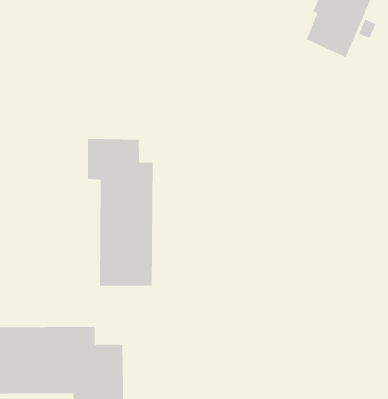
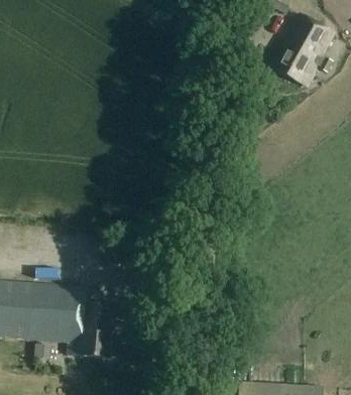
building: [88,138,153,286] -> none

